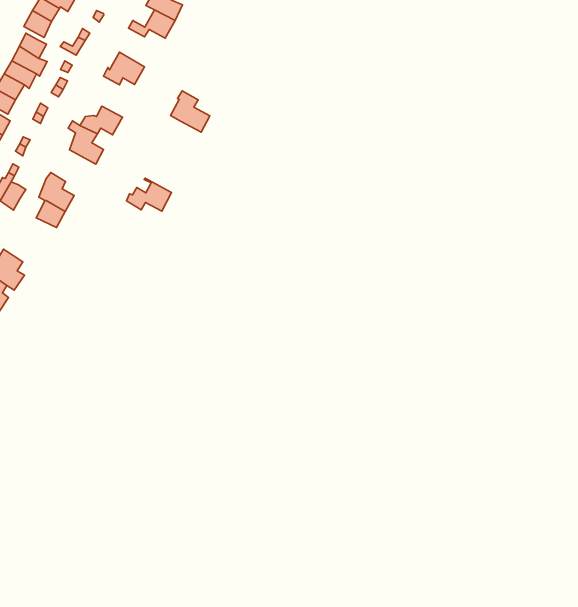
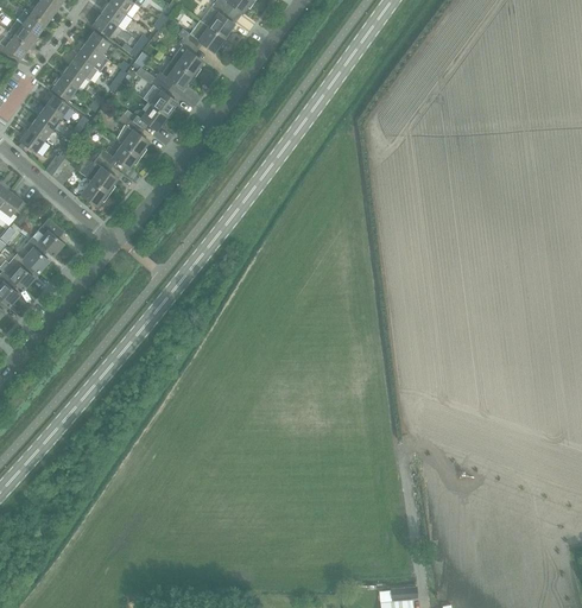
building: none -> [172,39,202,75]
building: [170,91,210,132] -> [143,78,177,116]
building: [126,178,171,211] -> [99,139,139,170]

